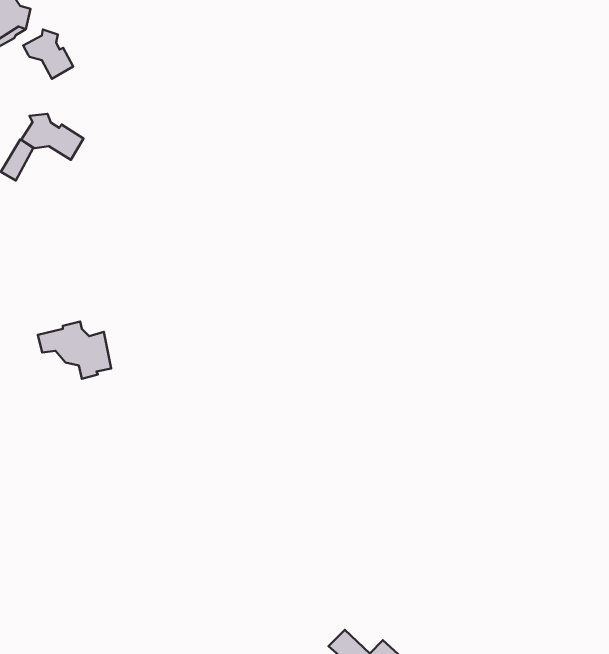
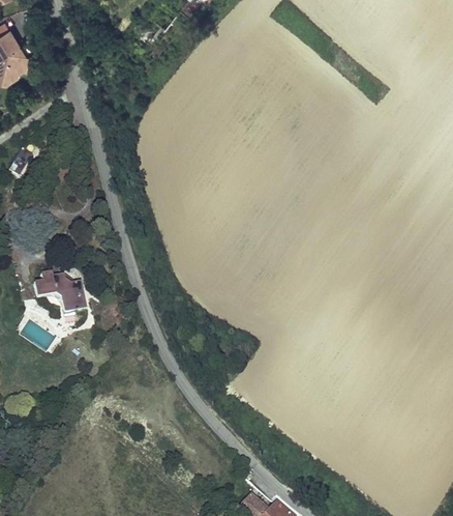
building: [23,30,73,79] -> none
building: [21,114,83,160] -> none

